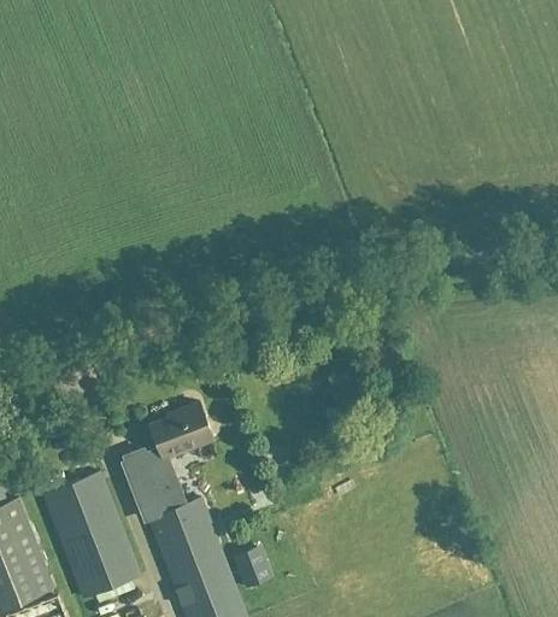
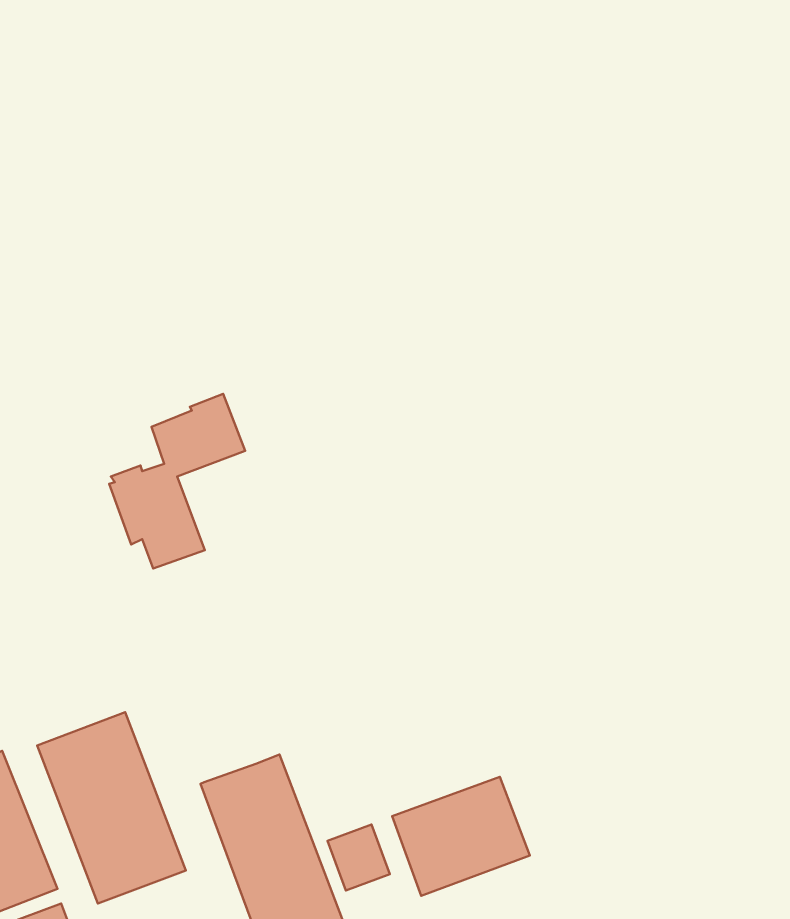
building: [123,404,212,518] -> [109,394,245,569]
building: none -> [392,777,530,896]

